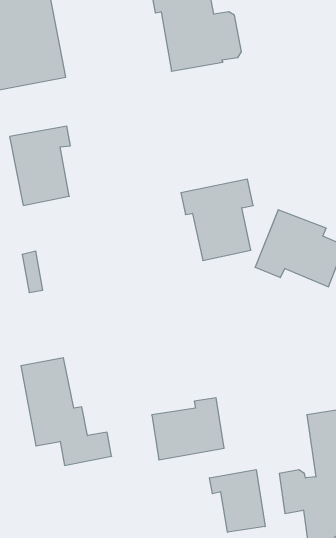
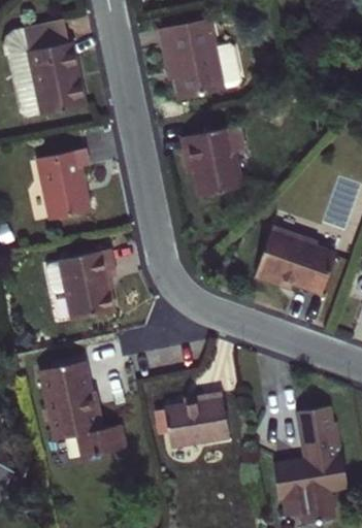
building: [181,179,253,260] -> [179,126,244,199]
building: none -> [63,248,119,319]
building: [210,470,265,532] -> none

